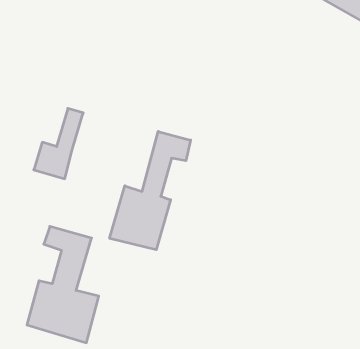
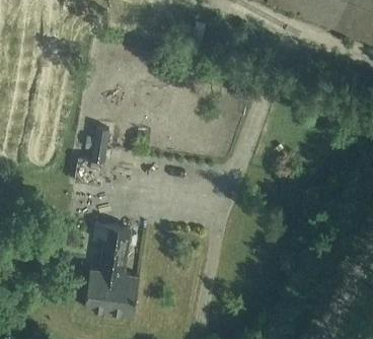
building: [110,131,191,250] -> none

